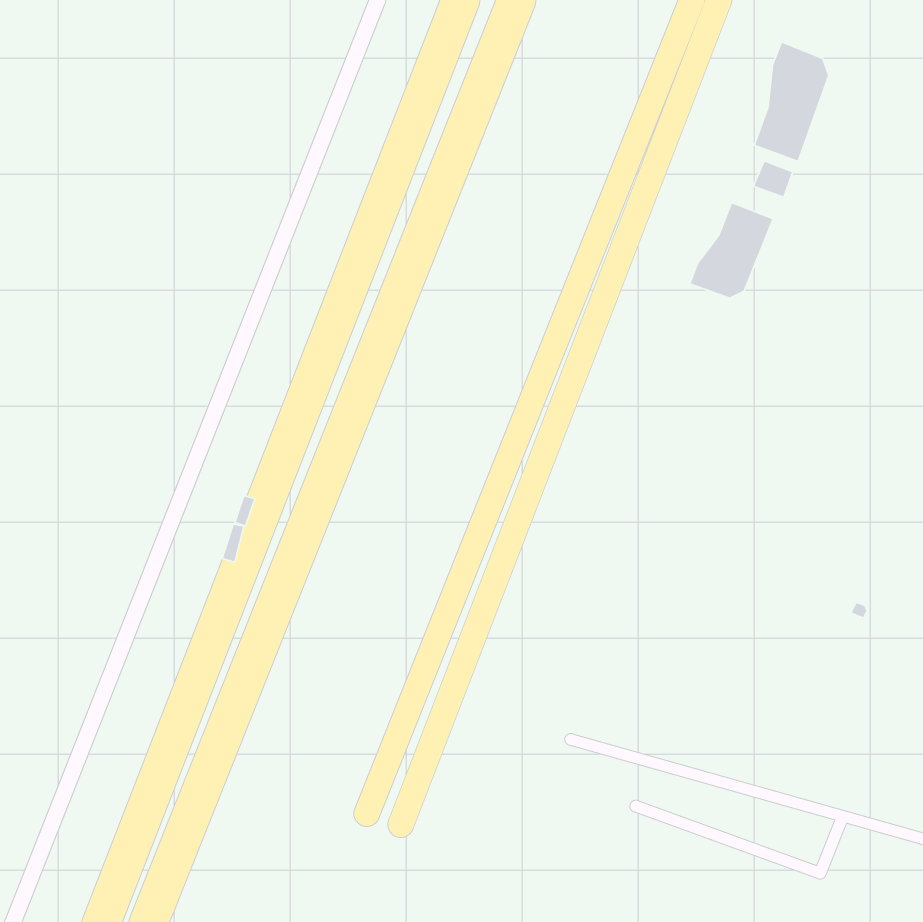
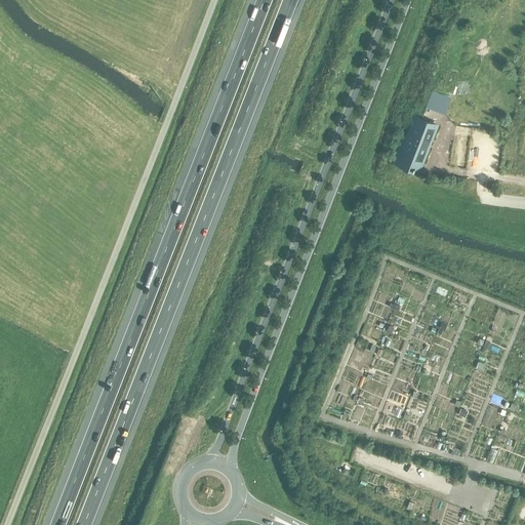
building: [754,42,829,161] -> none

